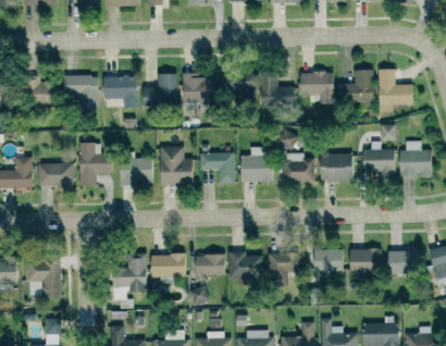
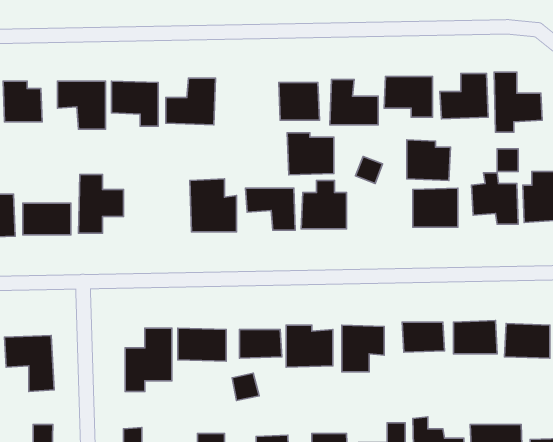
building: [182,73,215,103] -> [287,133,334,175]
building: [284,152,315,182] -> [407,140,450,180]
building: [119,158,152,185] -> none

